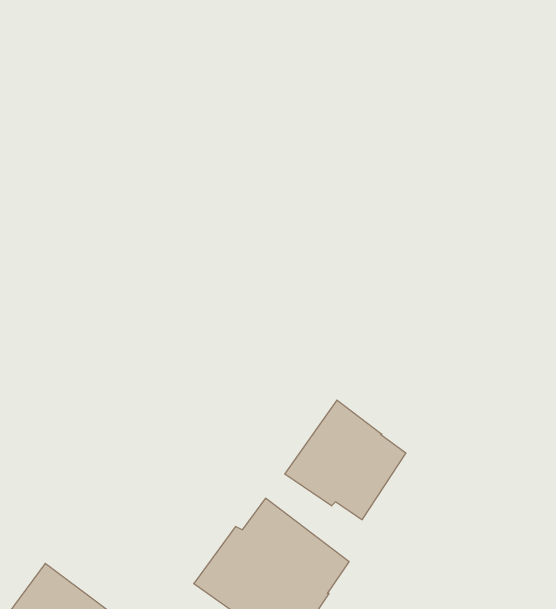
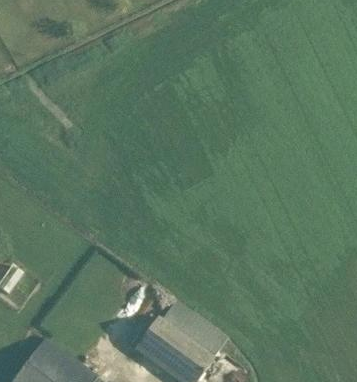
building: [285,400,406,520] -> none

